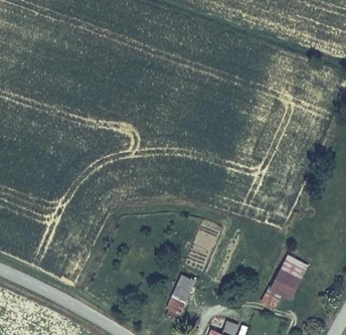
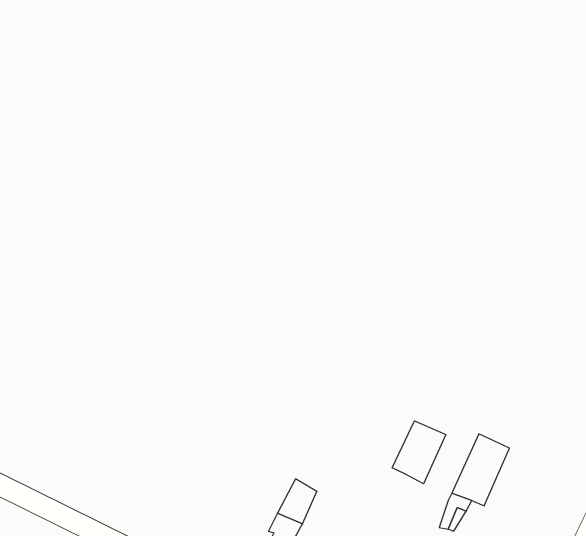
building: none -> [392,421,446,484]

